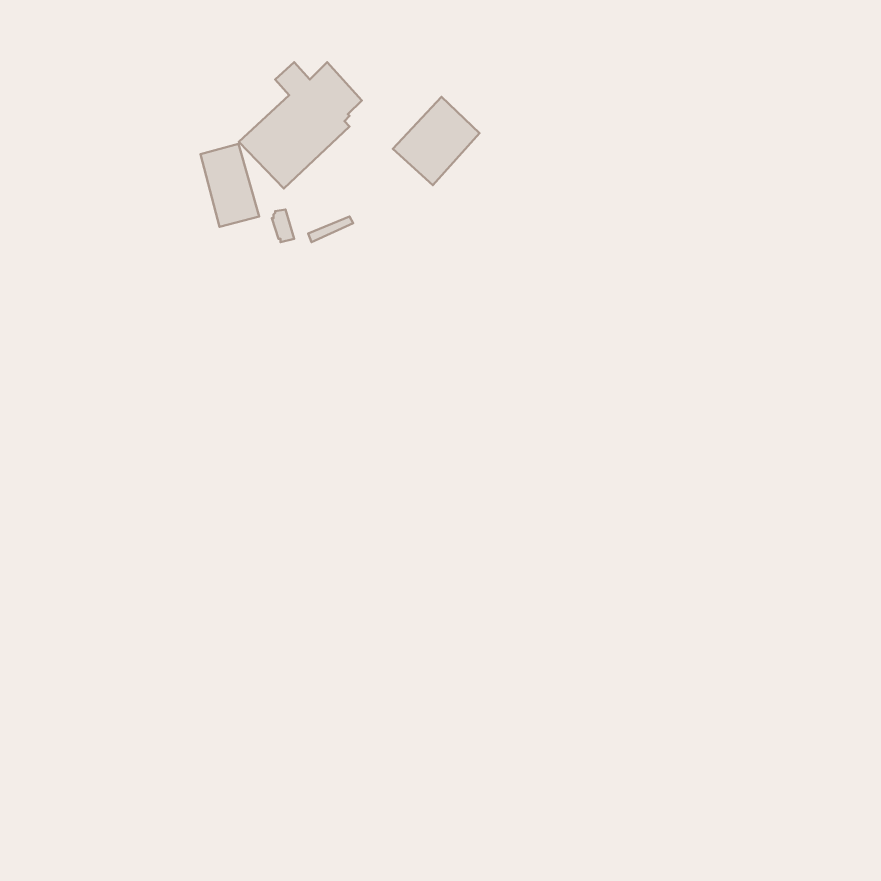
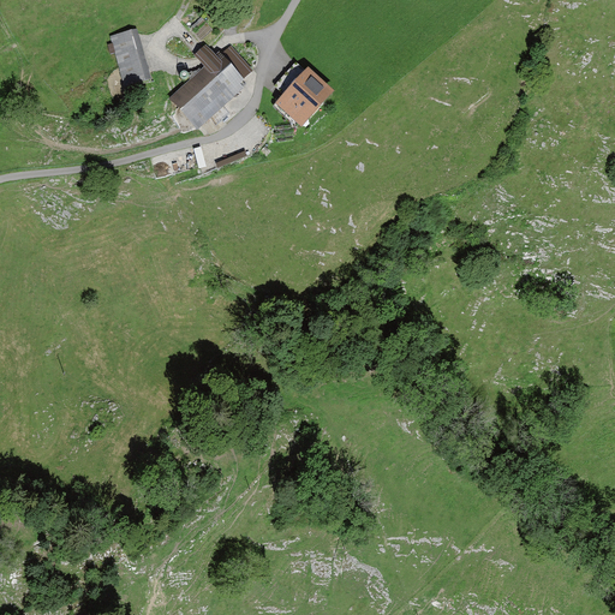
building: [200,144,259,227] -> [108,28,149,85]

